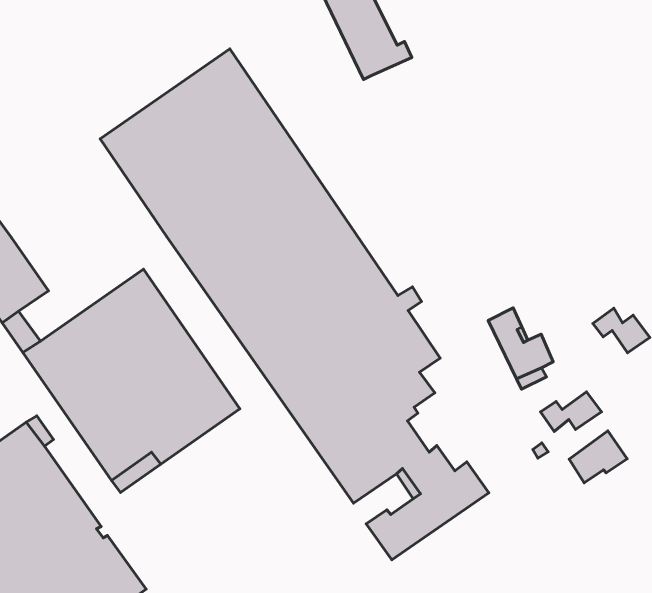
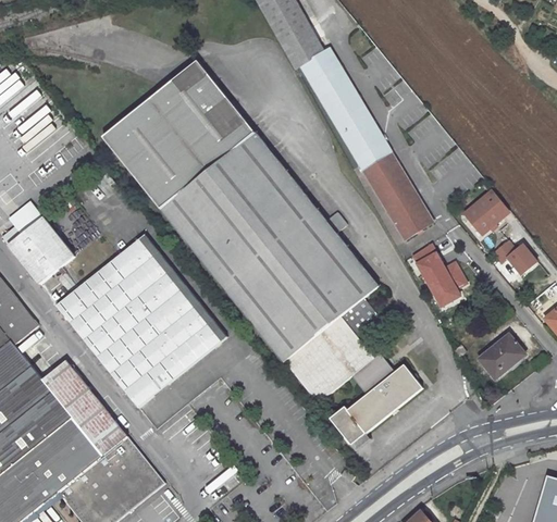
building: none -> [308,58,430,239]
building: none -> [463,189,507,234]
building: [540,392,601,432] -> none

